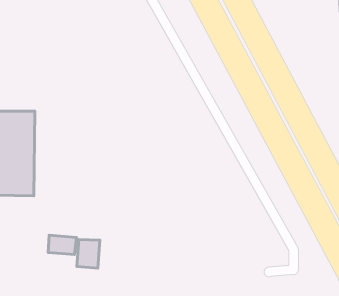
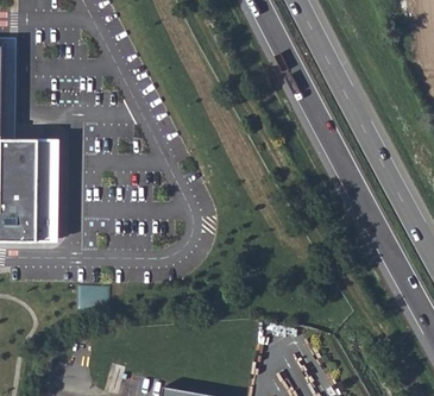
building: [77,239,100,268] -> none

